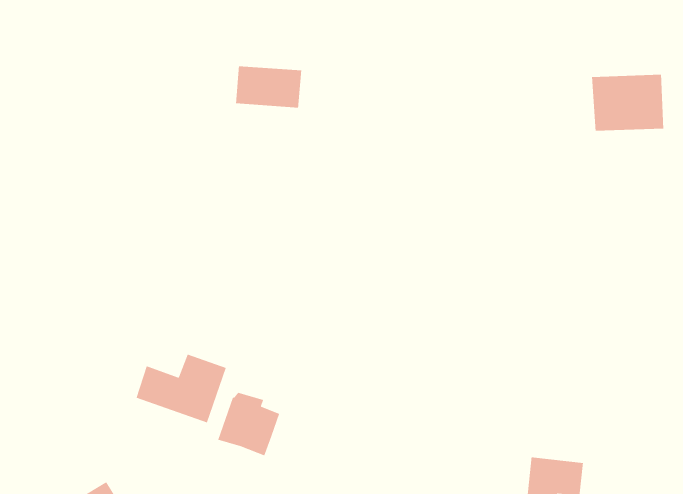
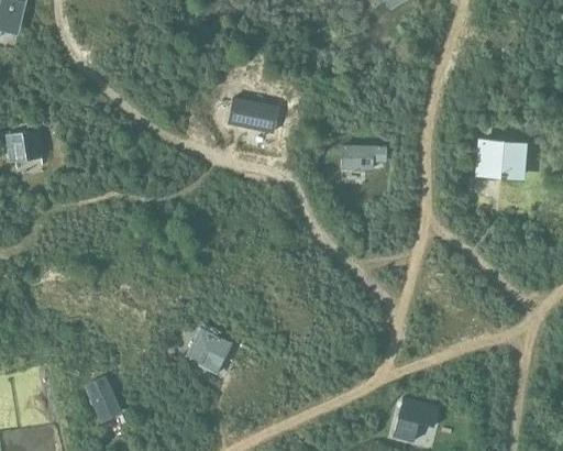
building: none -> [340,147,386,172]
building: [135,353,227,423] -> none

